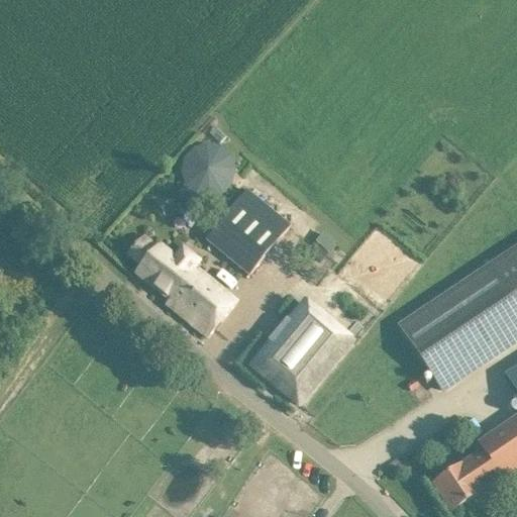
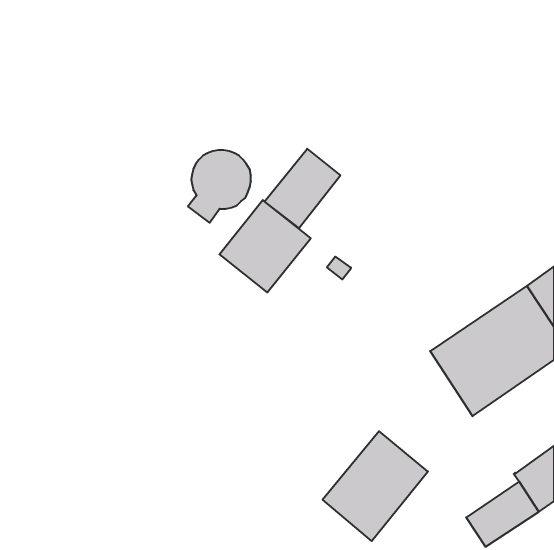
building: none -> [265,149,340,228]
building: [128,236,236,334] -> none
building: [252,299,350,401] -> [323,431,428,541]

